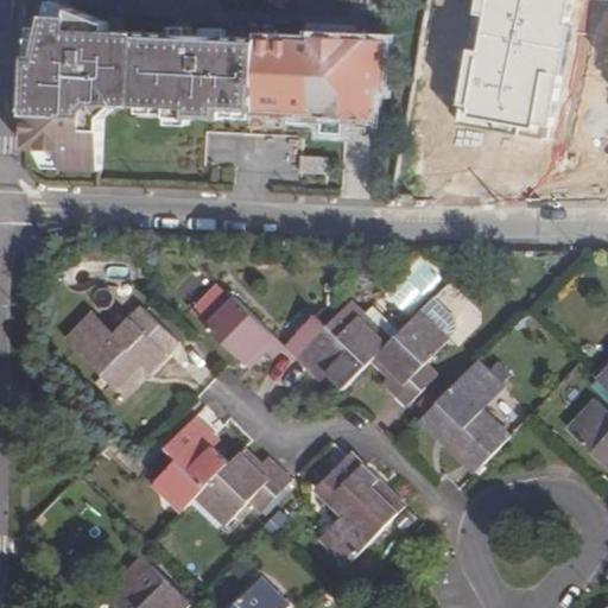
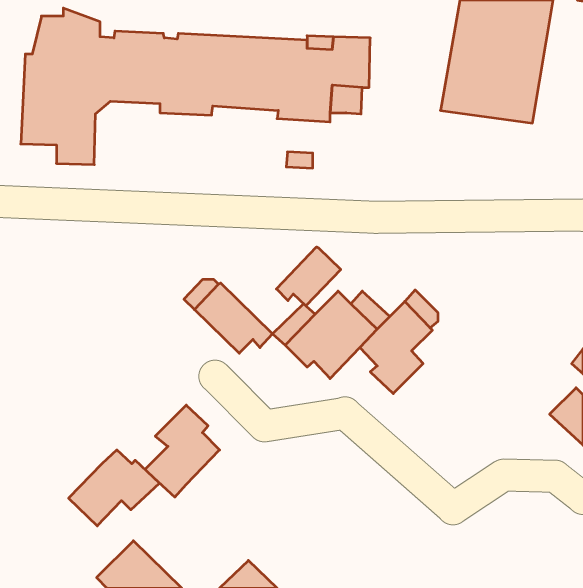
building: none -> [276,247,341,306]
building: [66,309,176,395] -> none
building: [418,360,507,470] -> none
building: [192,450,286,528] -> [69,450,159,526]
building: [312,455,401,565] -> none

